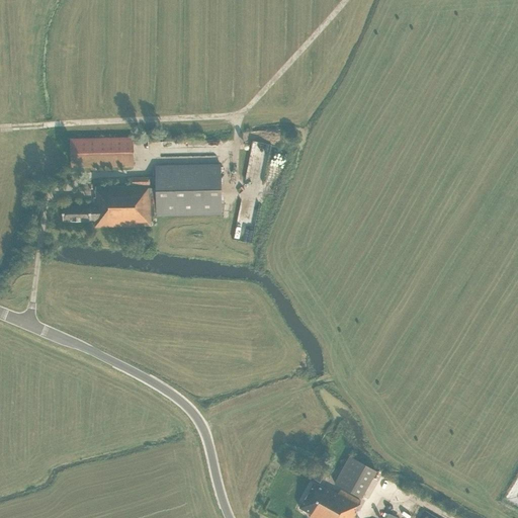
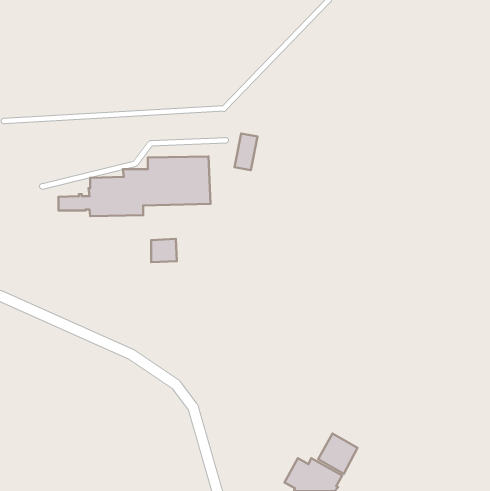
building: [71,138,135,168] -> none
building: none -> [151,239,177,262]

